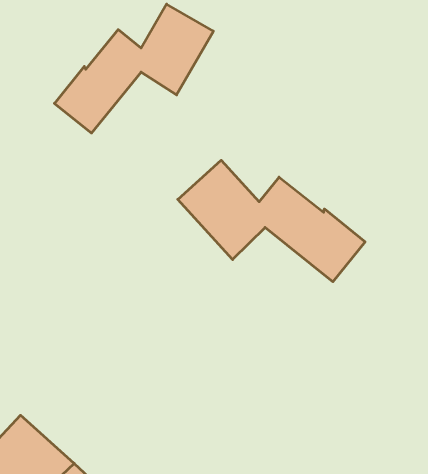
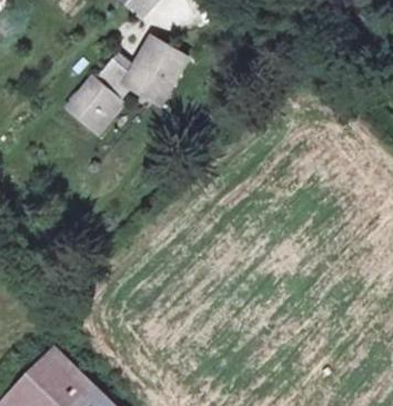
building: [178,160,365,282] -> none

